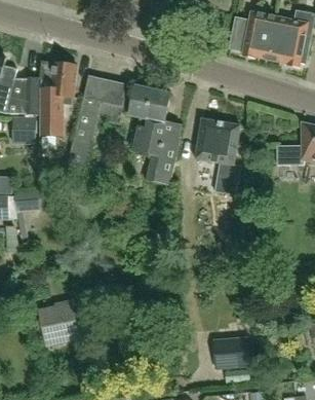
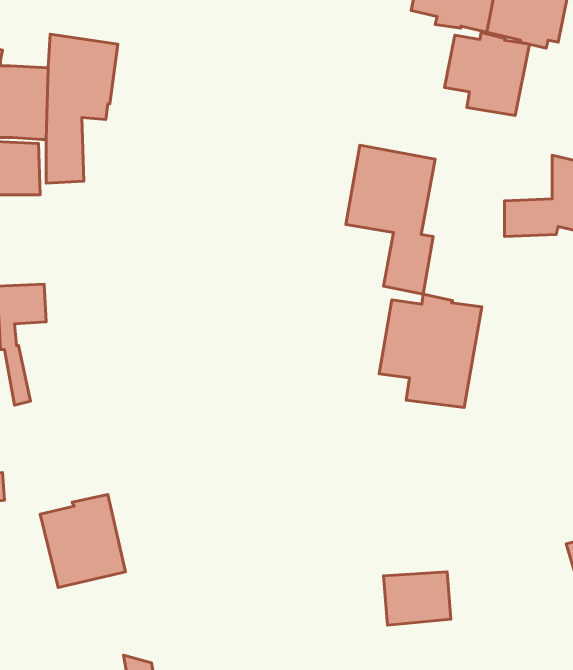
building: none -> [445,33,530,115]
building: [66,73,182,184] -> none
building: none -> [379,294,482,408]

